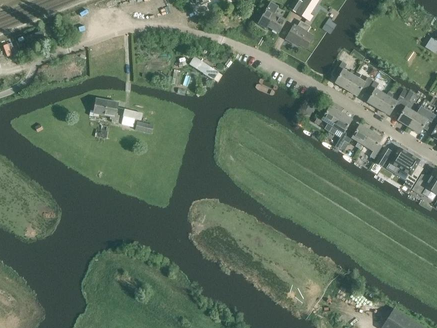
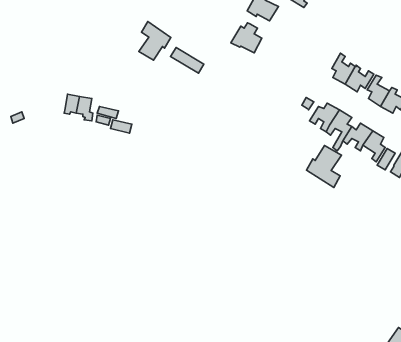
building: [285,21,313,48] -> [231,23,262,53]
building: none -> [139,22,171,60]
building: none -> [307,146,342,187]

